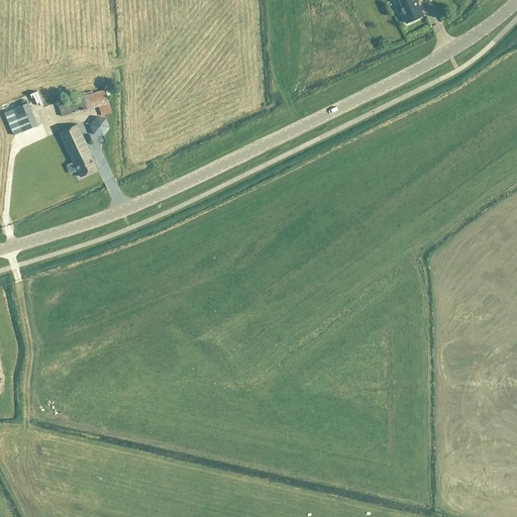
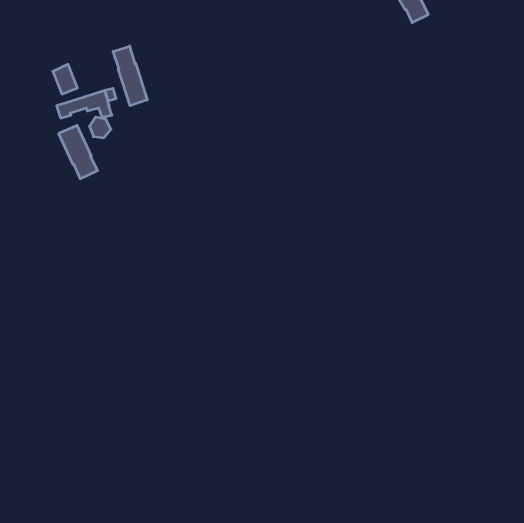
building: none -> [113,46,147,106]
building: [11,102,35,131] -> [53,64,77,94]

